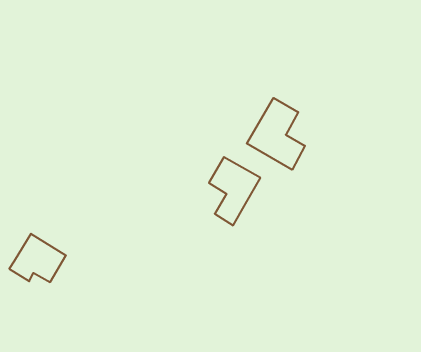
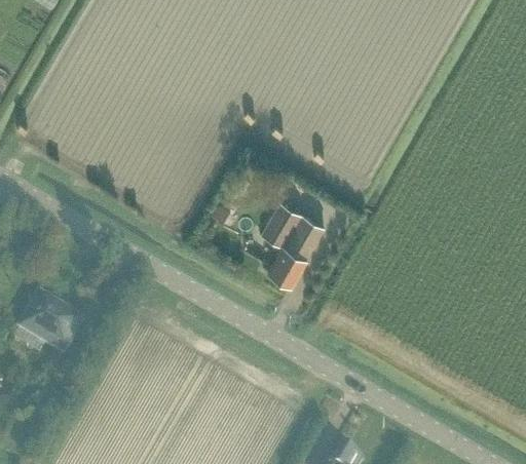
building: [247,98,305,170] -> none

